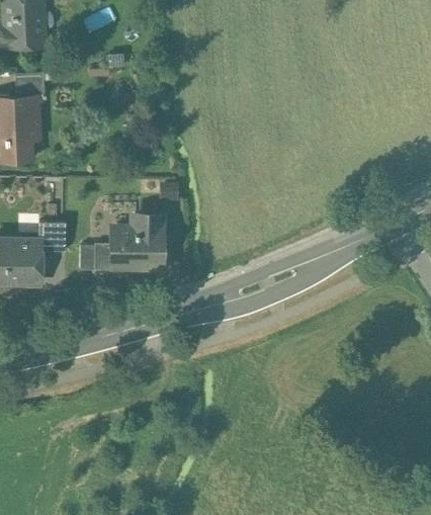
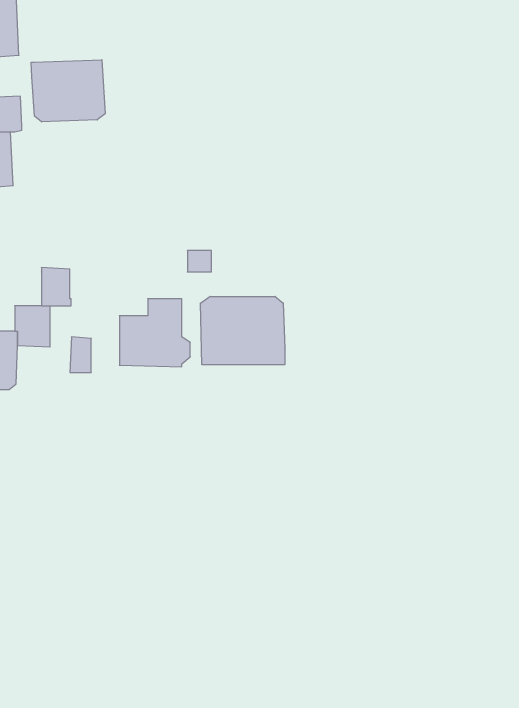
building: none -> [31,60,105,122]
building: none -> [200,296,285,365]
building: [94,243,115,270] -> [41,268,71,306]

